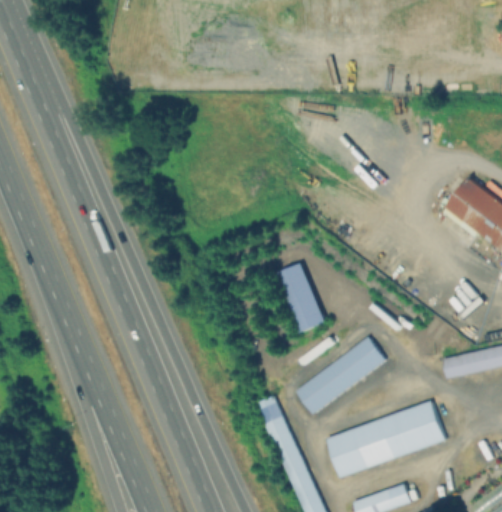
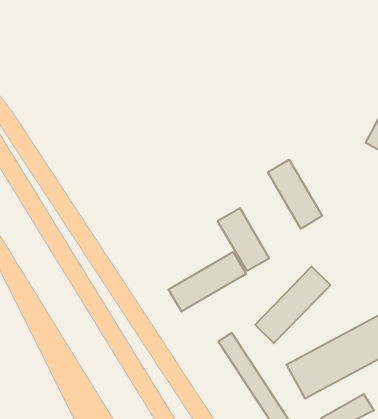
building: none -> [268,160,322,229]
building: none -> [168,252,246,312]

